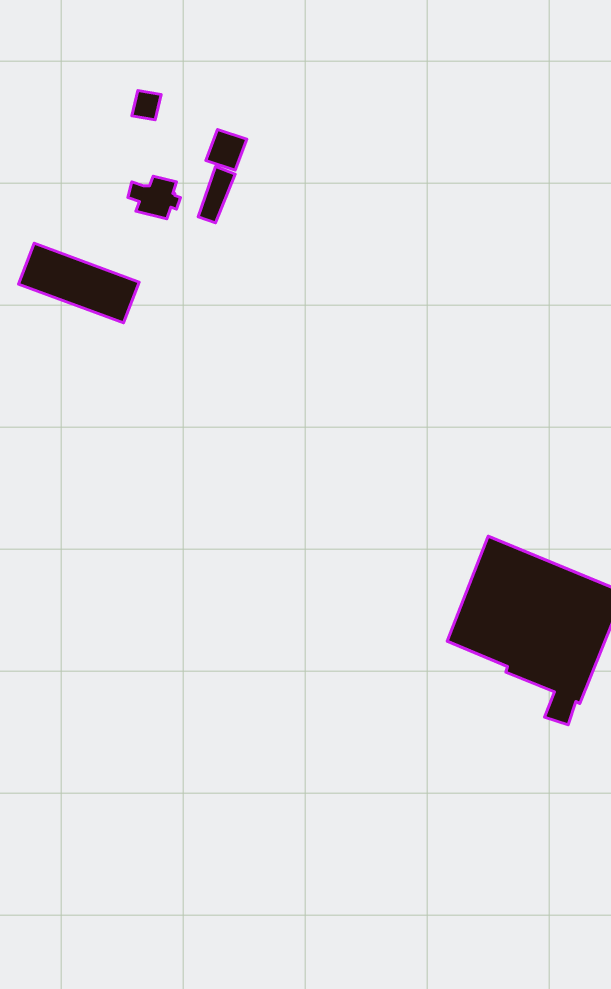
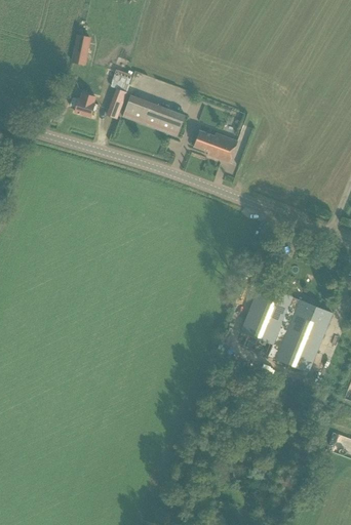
building: [19,243,139,323] -> [121,94,185,136]
building: none -> [193,130,237,162]

